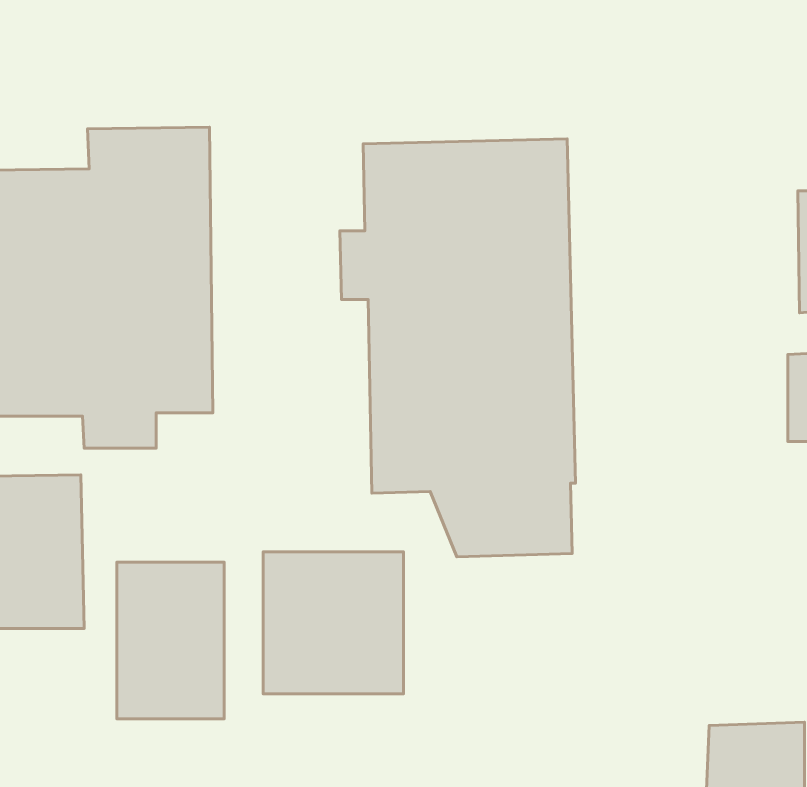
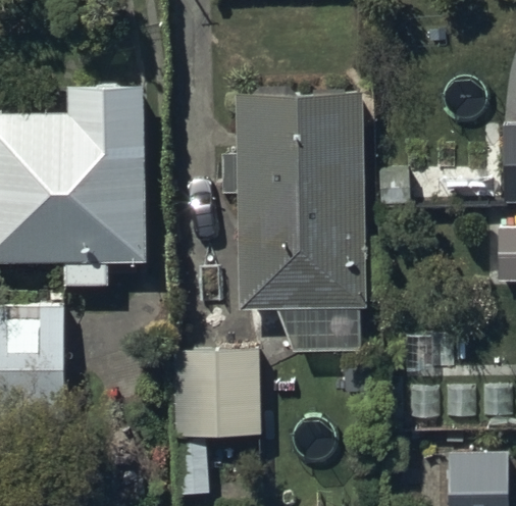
building: [117,562,224,719] -> none

